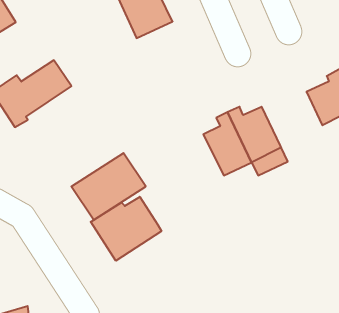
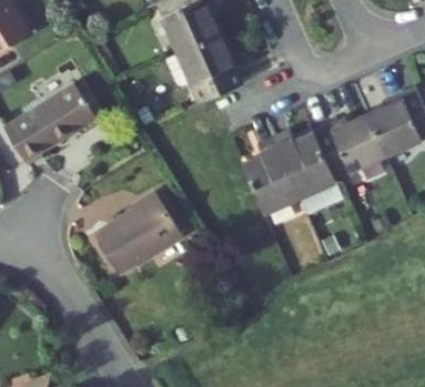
building: none -> [178,32,237,100]
building: none -> [327,116,399,181]
building: [91,197,161,261] -> none

